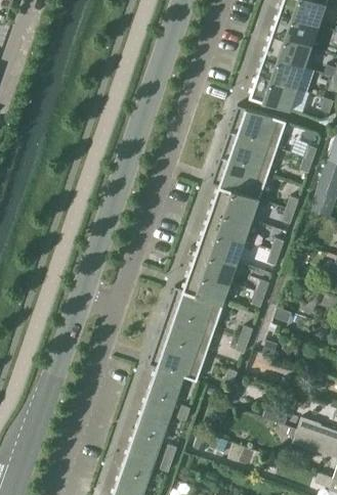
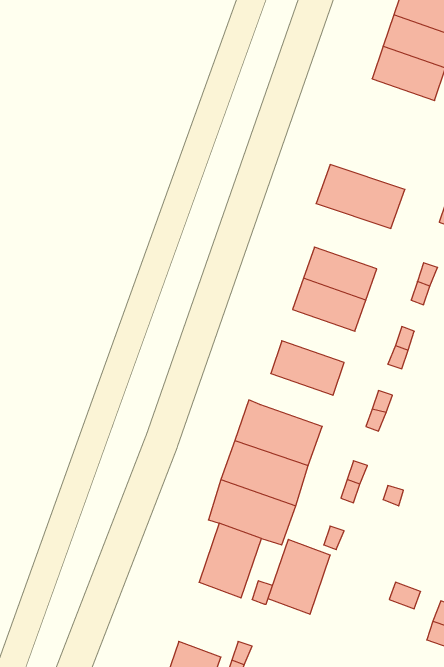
building: [249,77,297,111] -> none
building: [228,106,286,149] -> none
building: [211,159,268,201] -> none
building: [197,228,245,263] -> none
building: [182,270,230,305] -> none
building: [129,407,170,456] -> [268,539,330,614]

